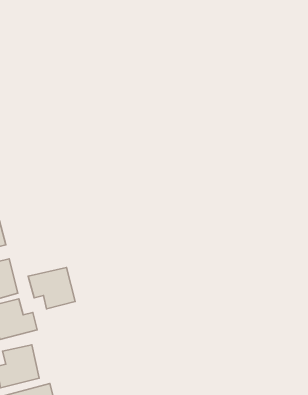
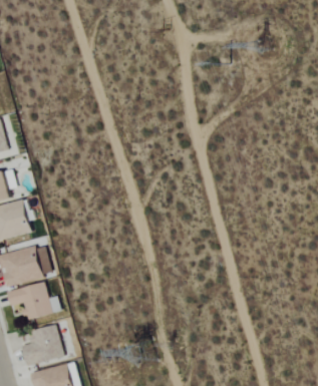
building: [28,268,75,309] -> none

